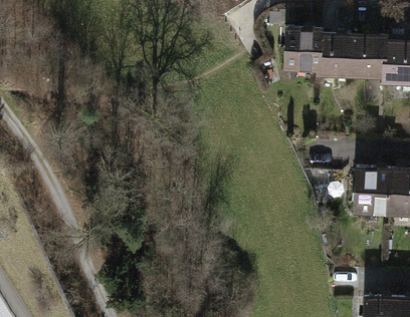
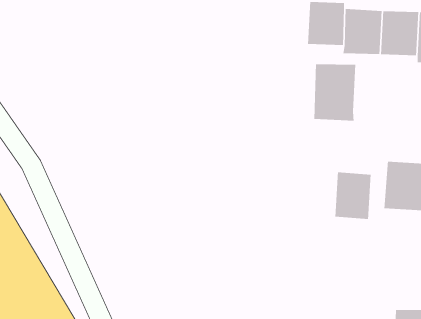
building: none -> [313,64,356,122]
building: none -> [334,171,372,220]

